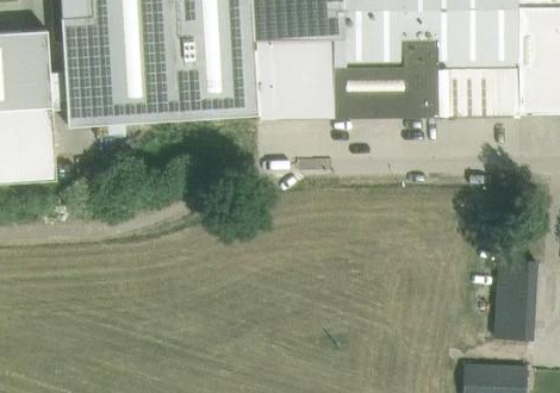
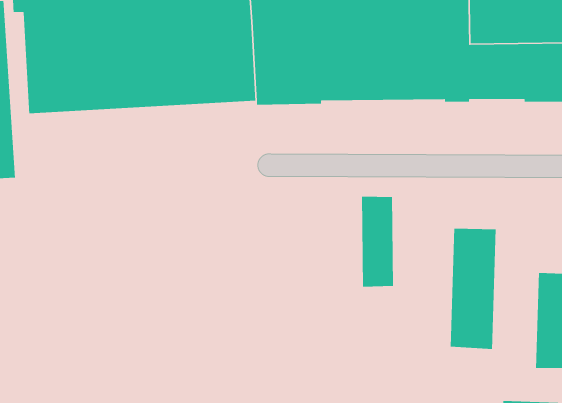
building: none -> [361,196,394,287]
building: none -> [450,228,497,350]

